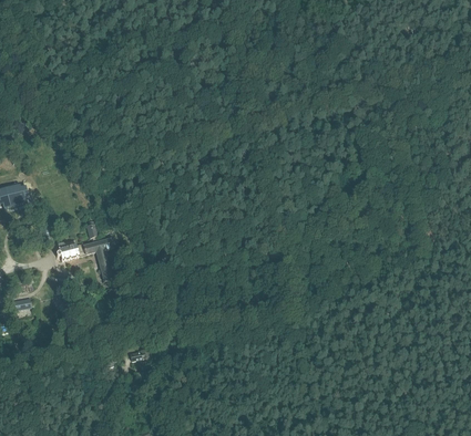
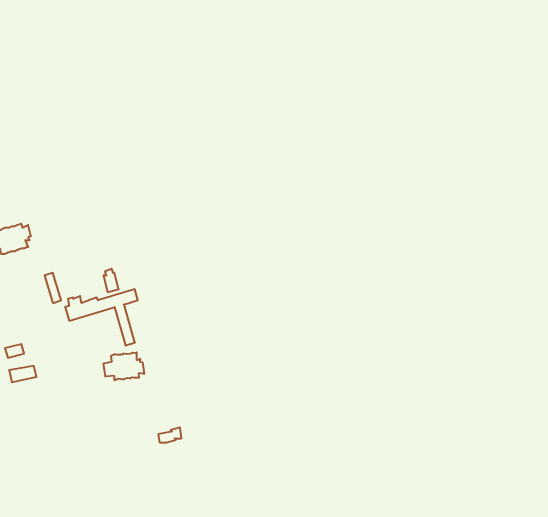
building: none -> [103,352,144,380]

